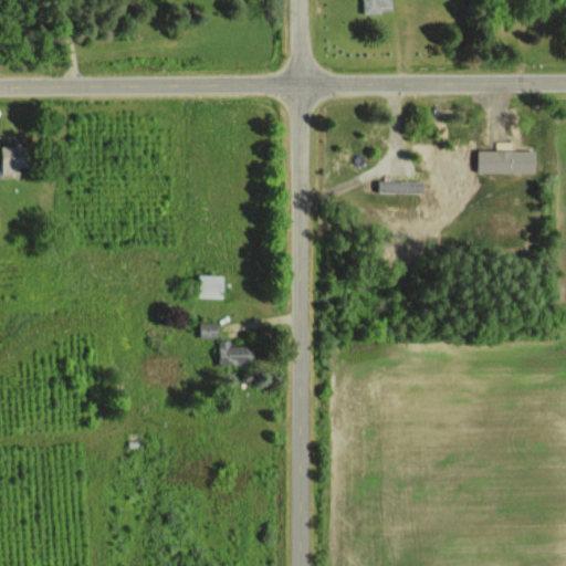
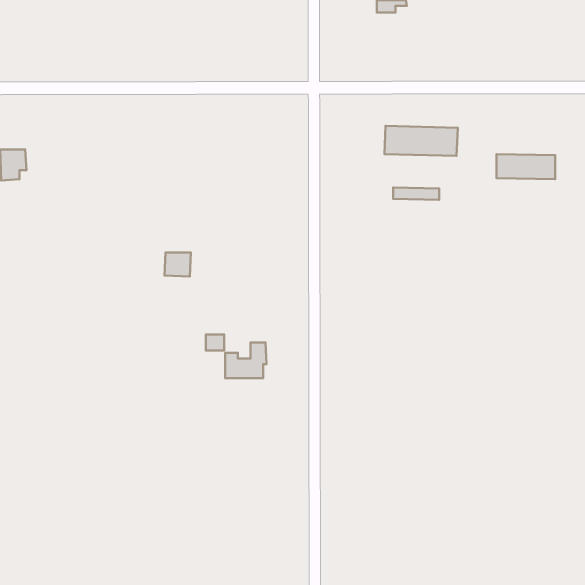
building: none -> [384,126,458,156]
building: [199,276,224,300] -> [165,253,191,277]

